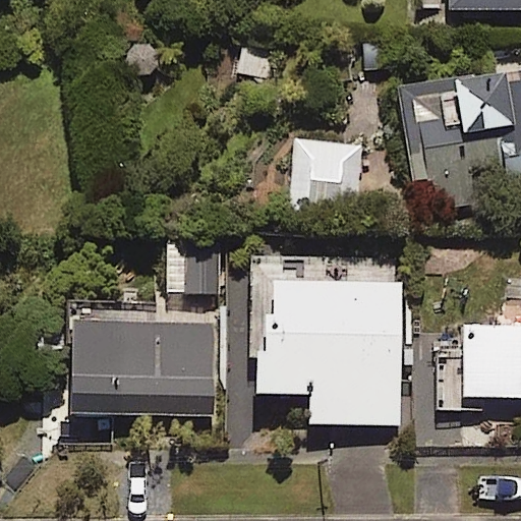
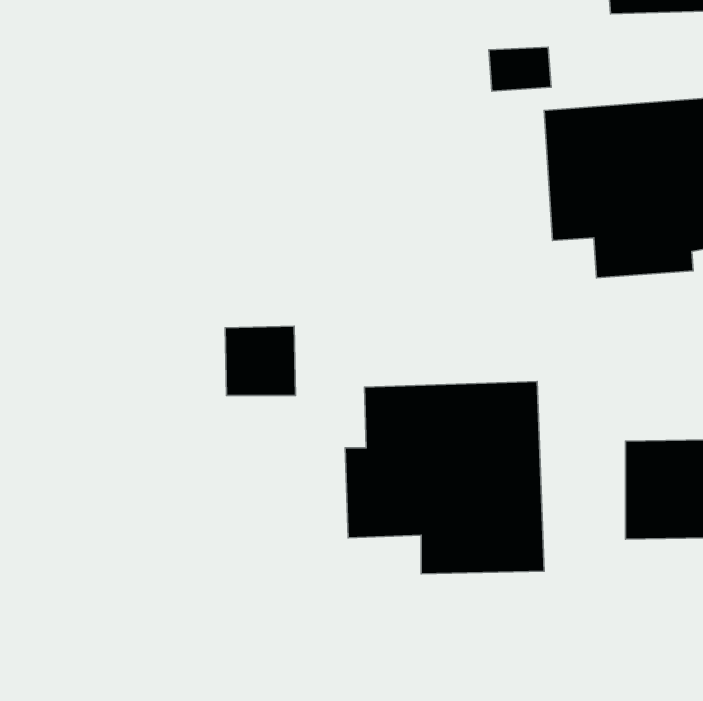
building: [292,141,360,214] -> none
building: [71,321,215,415] -> none

